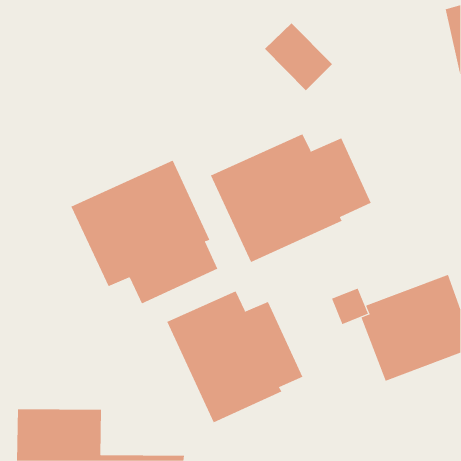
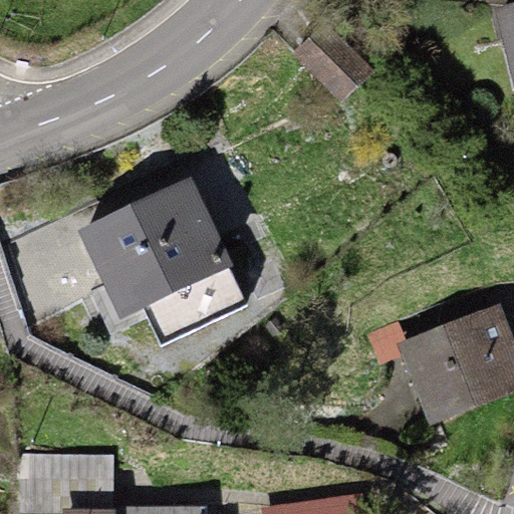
building: [210,134,372,263] -> none
building: [166,291,303,423] -> none

